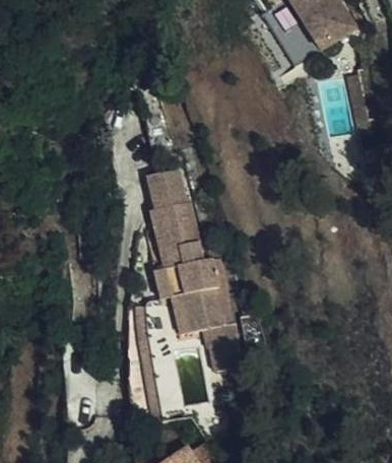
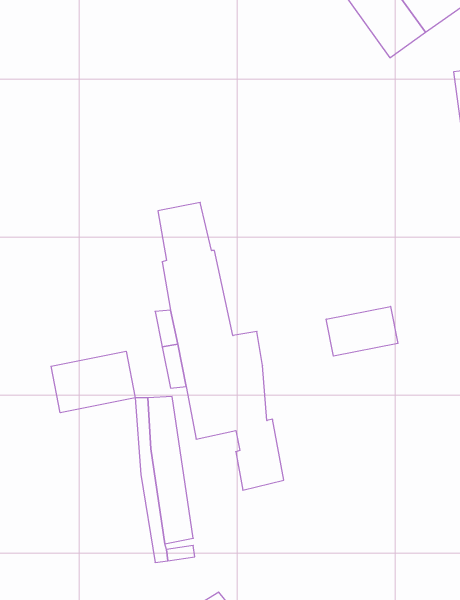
building: none -> [326,306,398,356]
building: none -> [51,351,135,413]

